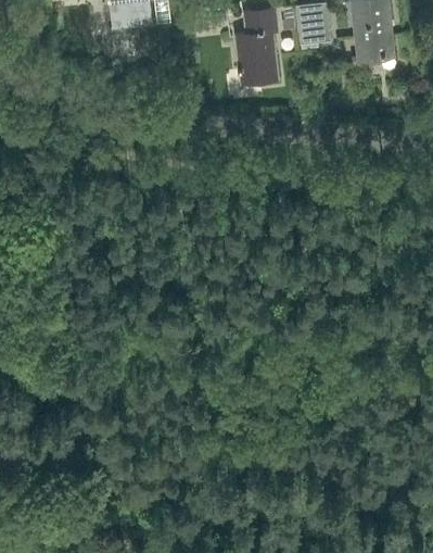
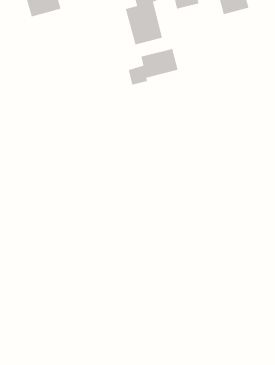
building: none -> [128,48,179,85]

